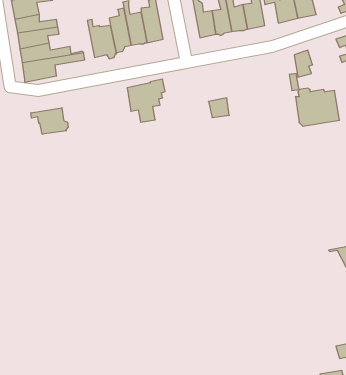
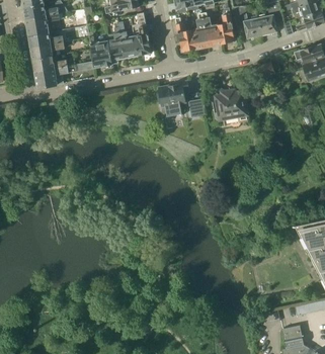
building: [127,79,165,122] -> [159,80,190,115]
building: [295,88,340,126] -> [212,88,248,119]
building: [31,108,68,134] -> none

